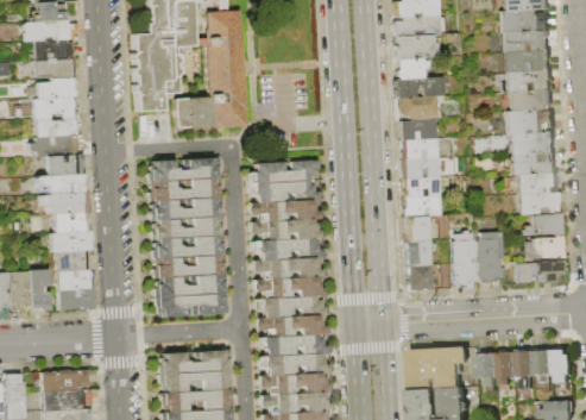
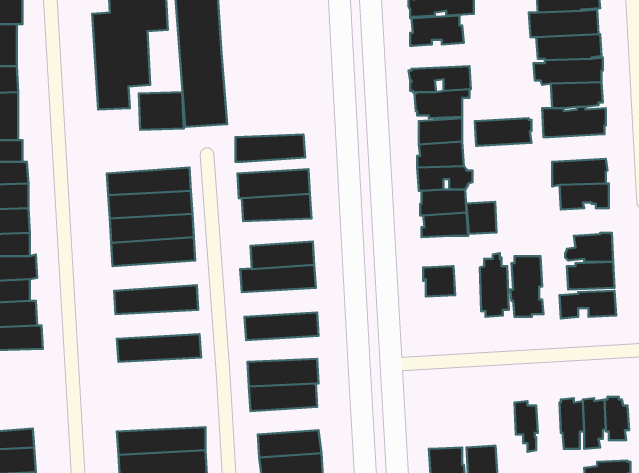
building: [397,58,433,79] -> none
building: [510,132,556,155] -> [475,118,531,146]
building: [519,193,559,215] -> none
building: [259,201,316,224] -> [235,134,305,162]
building: [405,215,430,242] -> [466,202,497,234]
building: [152,236,221,261] -> none
building: [259,258,320,282] -> none
building: [409,265,434,290] -> none
building: [155,276,223,300] -> none
building: [262,297,320,319] -> none
building: [410,346,471,390] -> none
building: [163,351,227,375] -> none
building: [499,351,519,390] -> none
building: [265,356,321,378] -> none

